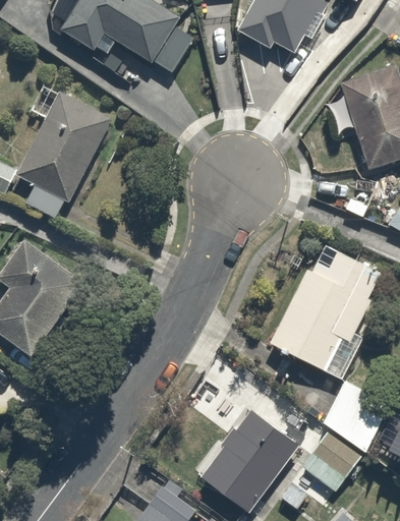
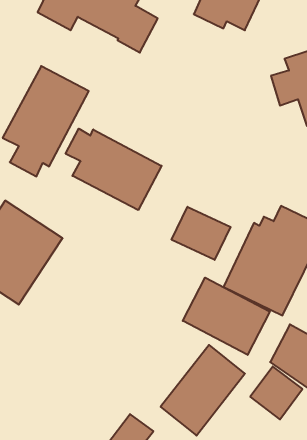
building: none -> [66,129,162,210]
building: none -> [172,207,231,260]
building: none -> [183,278,270,355]

